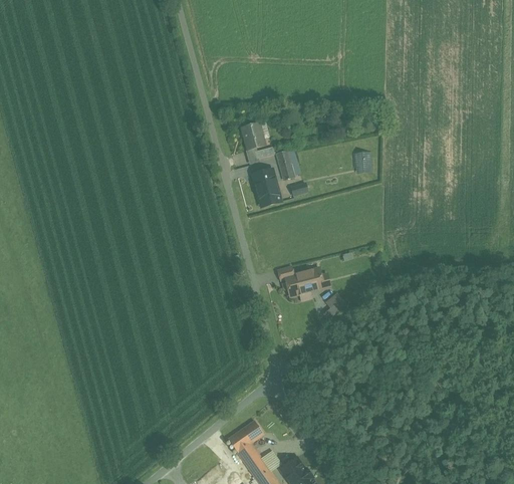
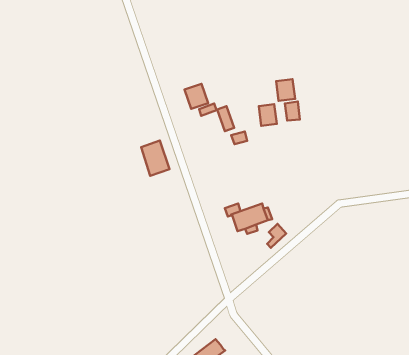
building: none -> [276,79,295,101]
building: none -> [259,104,277,126]
building: [251,168,282,208] -> [141,141,170,176]

